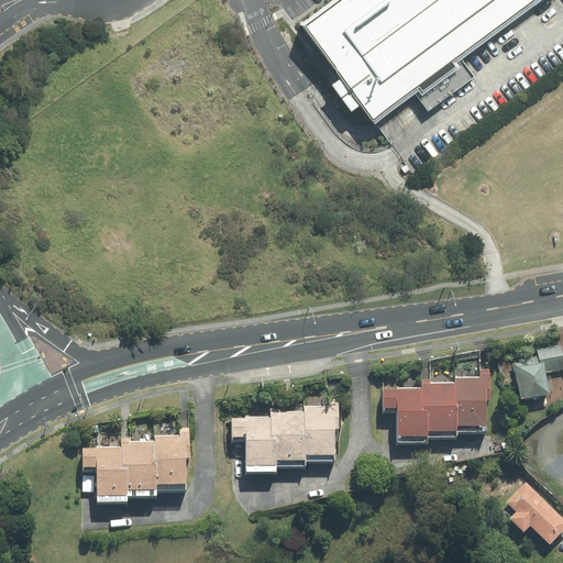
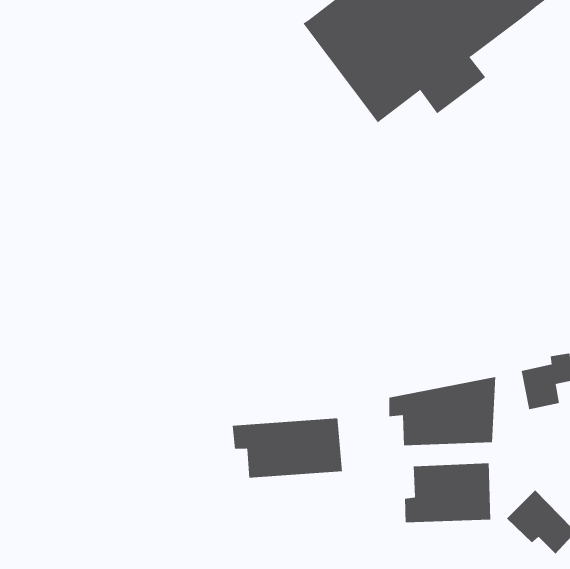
building: [84,427,190,504] -> none
building: none -> [404,463,491,523]

